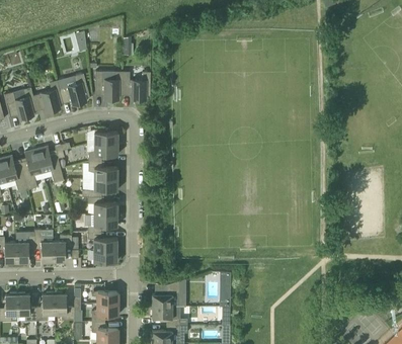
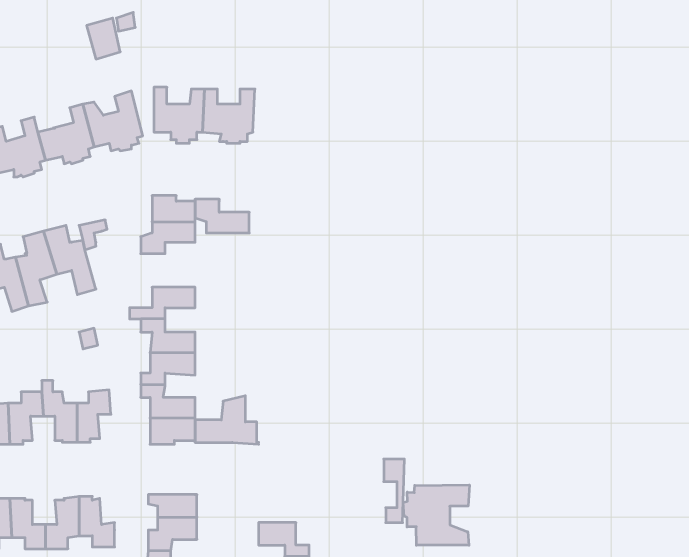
building: [88,161,117,179] -> [195,199,249,233]
building: [152,281,186,308] -> [195,396,259,444]
building: none -> [403,485,469,545]

